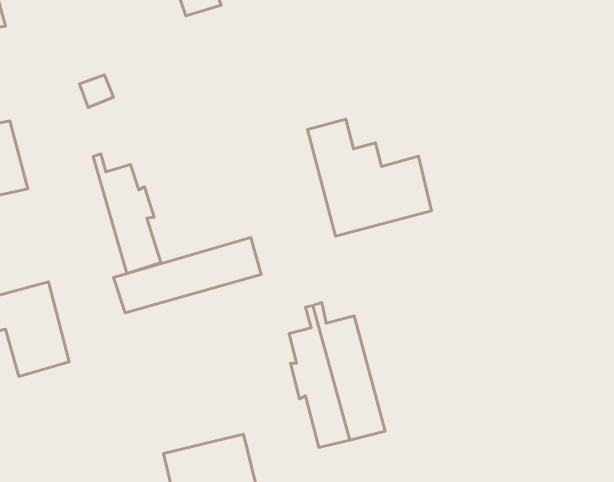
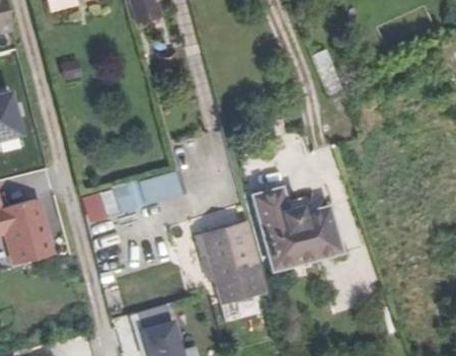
building: [308,119,432,236] -> [254,188,339,268]
building: [93,154,161,274] -> none

